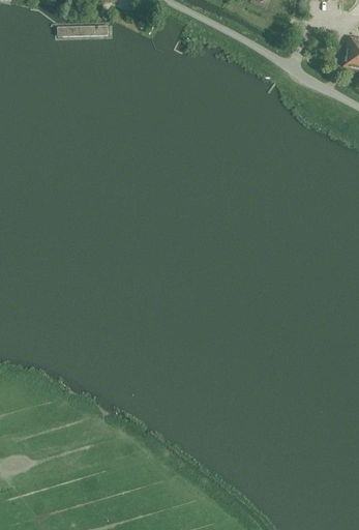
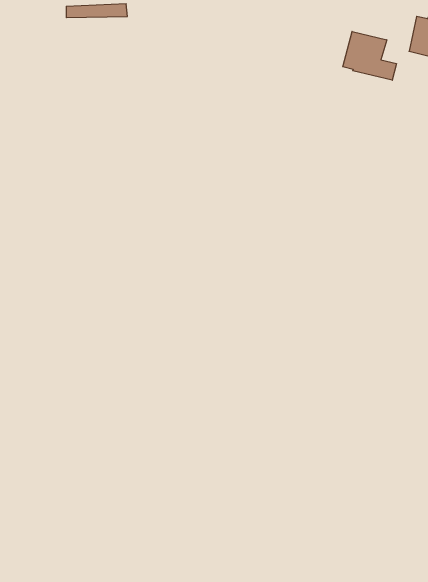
building: none -> [343,31,396,80]

